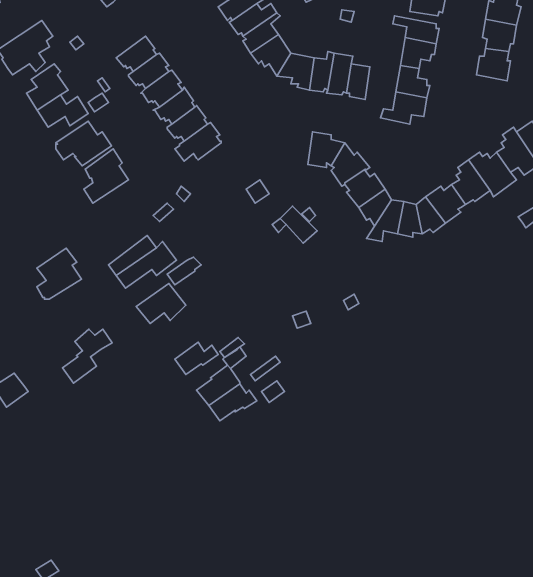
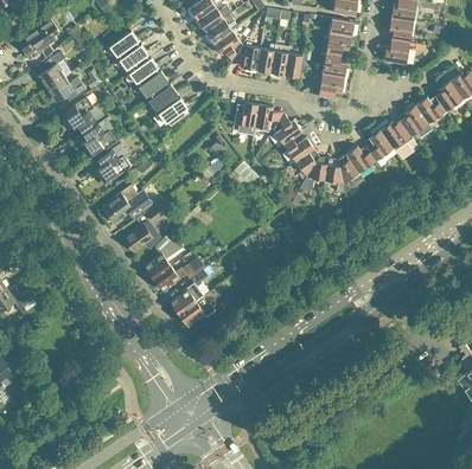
building: none -> [234,102,259,135]
building: [37,248,82,299] -> [97,143,132,182]
building: [63,329,112,383] -> [145,237,183,278]

